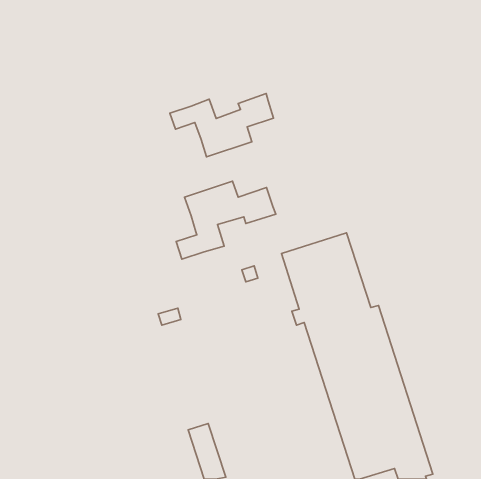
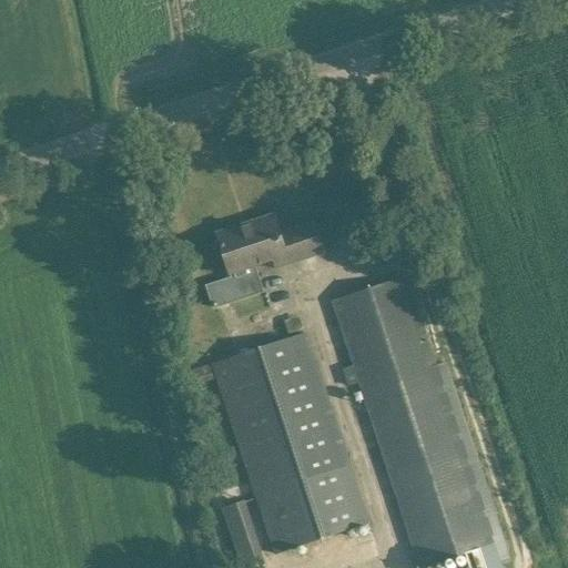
building: [170,94,274,157] -> none
building: none -> [212,329,371,552]

